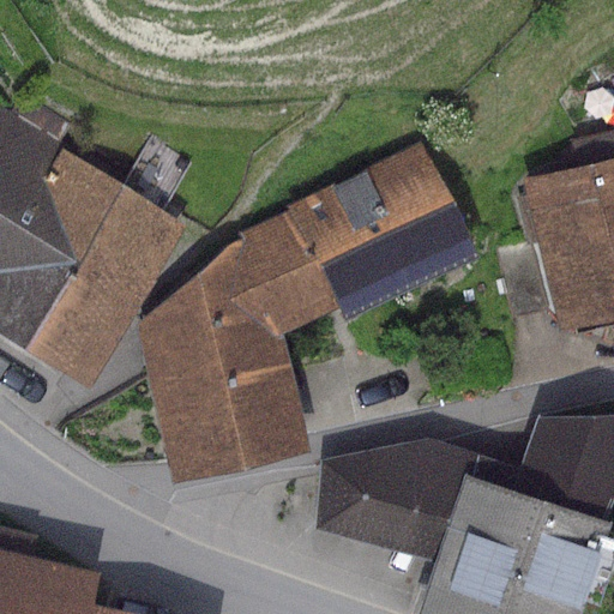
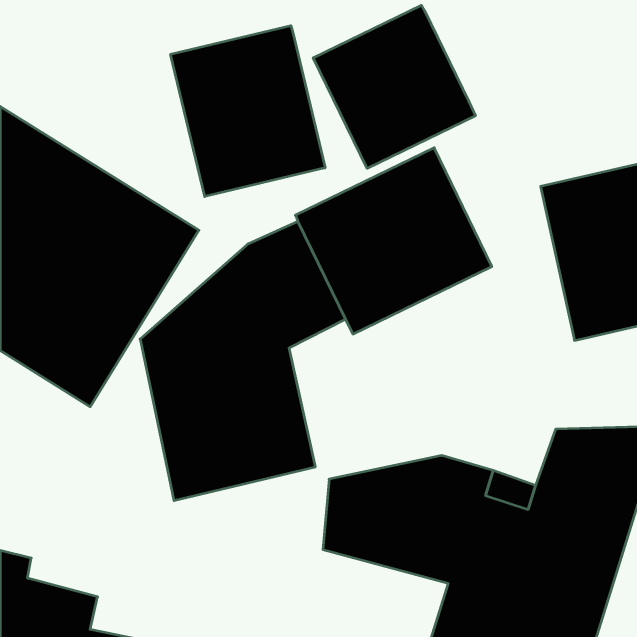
building: none -> [313,5,475,168]
building: none -> [171,26,325,197]

